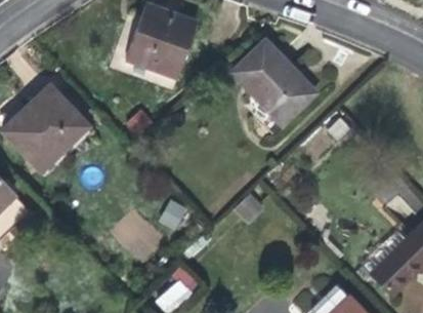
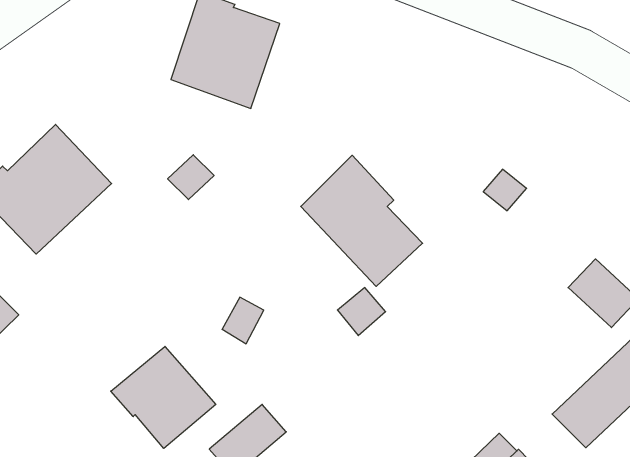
building: [234,40,311,124] -> [301,155,423,286]
building: none -> [111,346,216,448]

